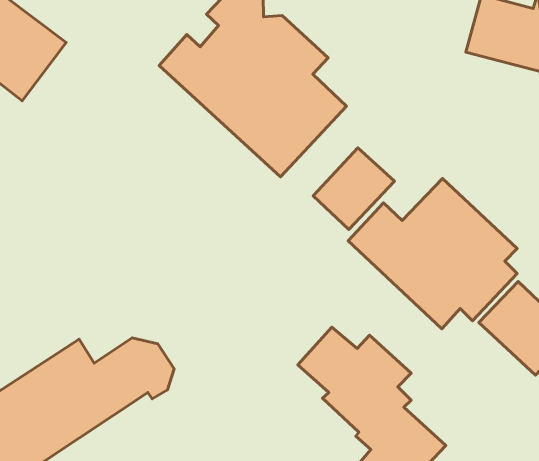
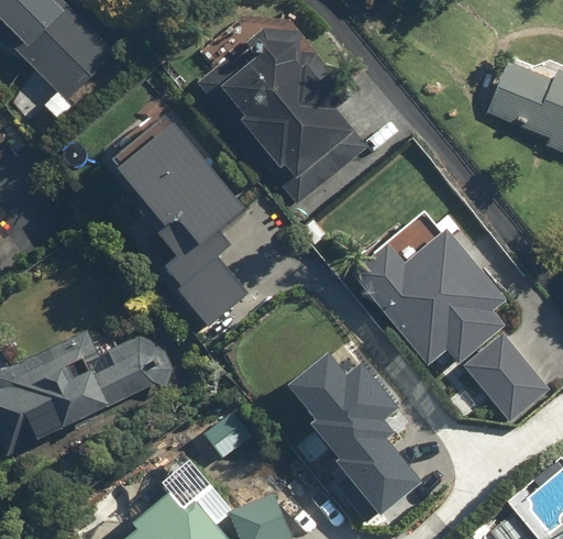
building: none -> [113,117,253,330]
building: [313,148,395,229] -> none

